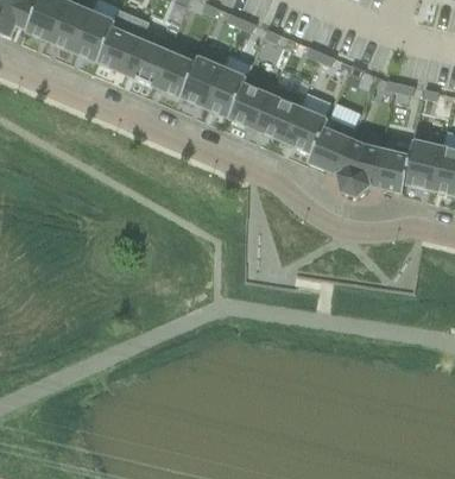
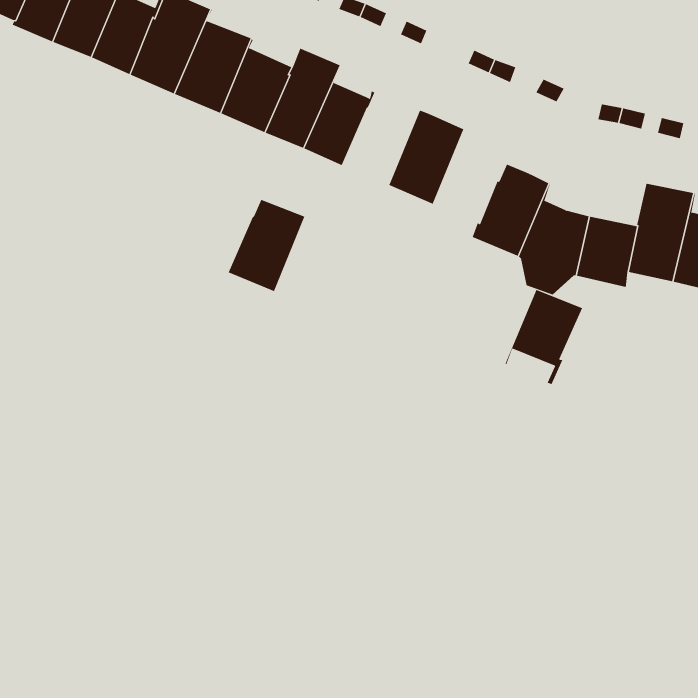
building: [228,74,276,131] -> [228,199,305,292]
building: [284,96,329,155] -> none
building: none -> [505,289,583,385]

